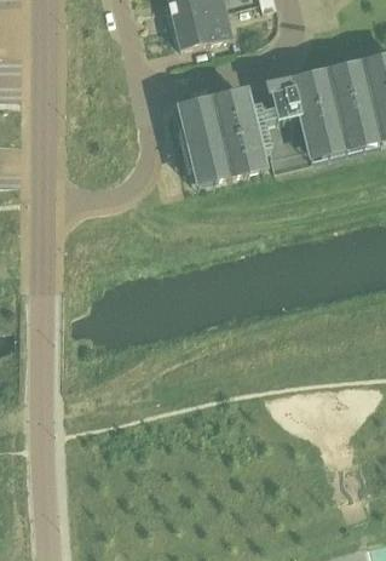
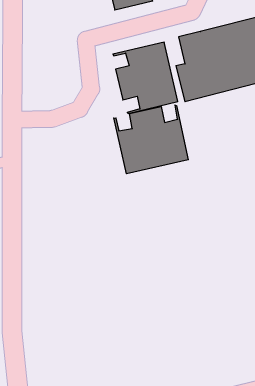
building: none -> [114,105,188,174]

